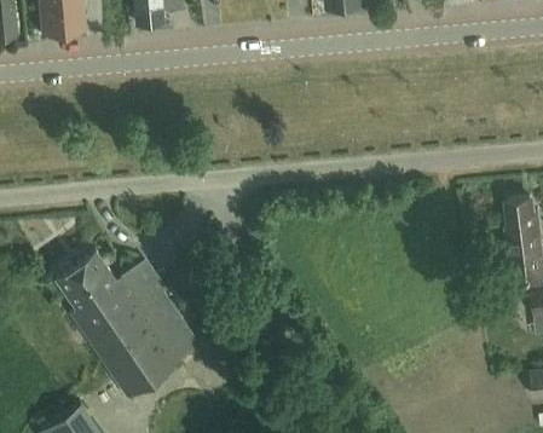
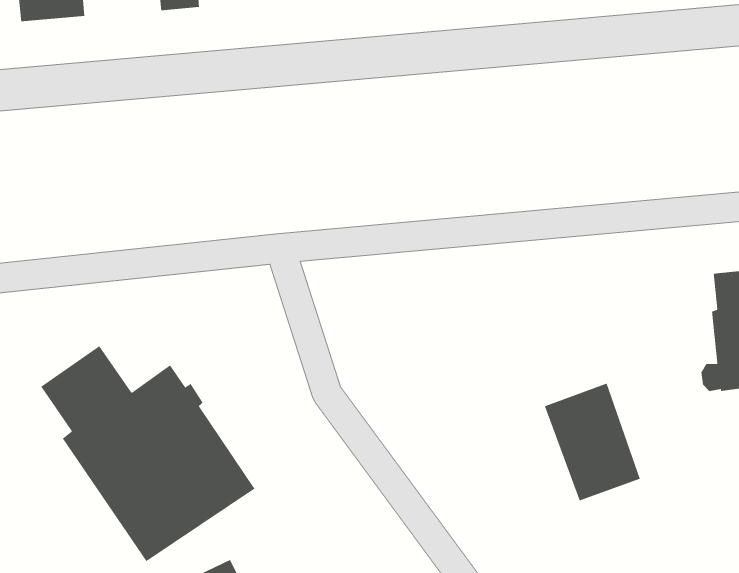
building: none -> [544,383,641,502]

